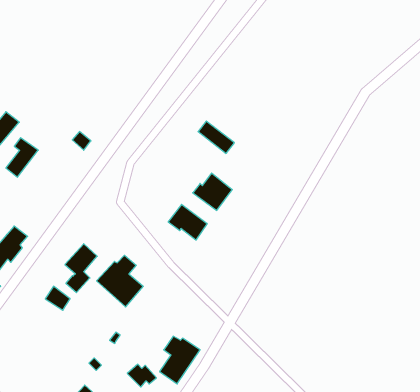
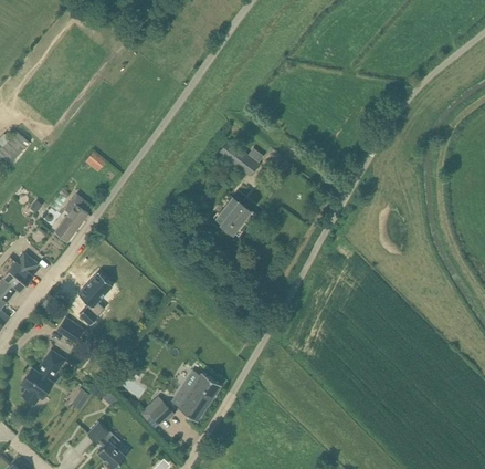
building: [6,138,38,177] -> [54,199,88,241]
building: [168,204,207,240] -> none
building: [97,255,143,307] -> none
building: none -> [21,350,64,403]

